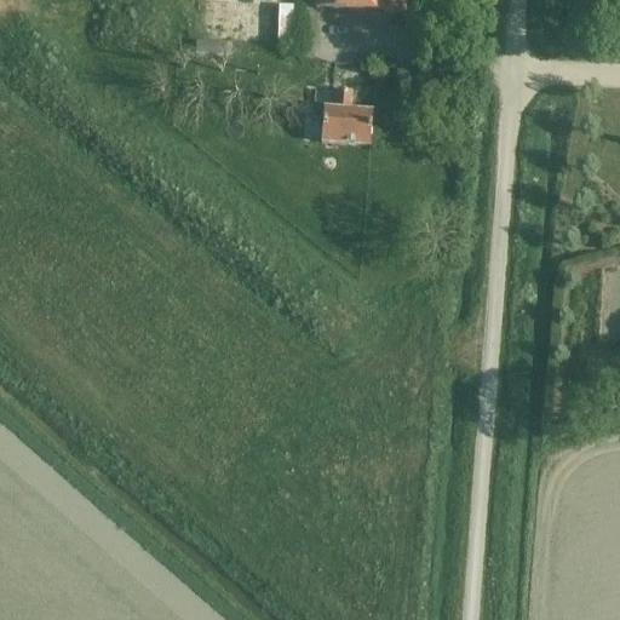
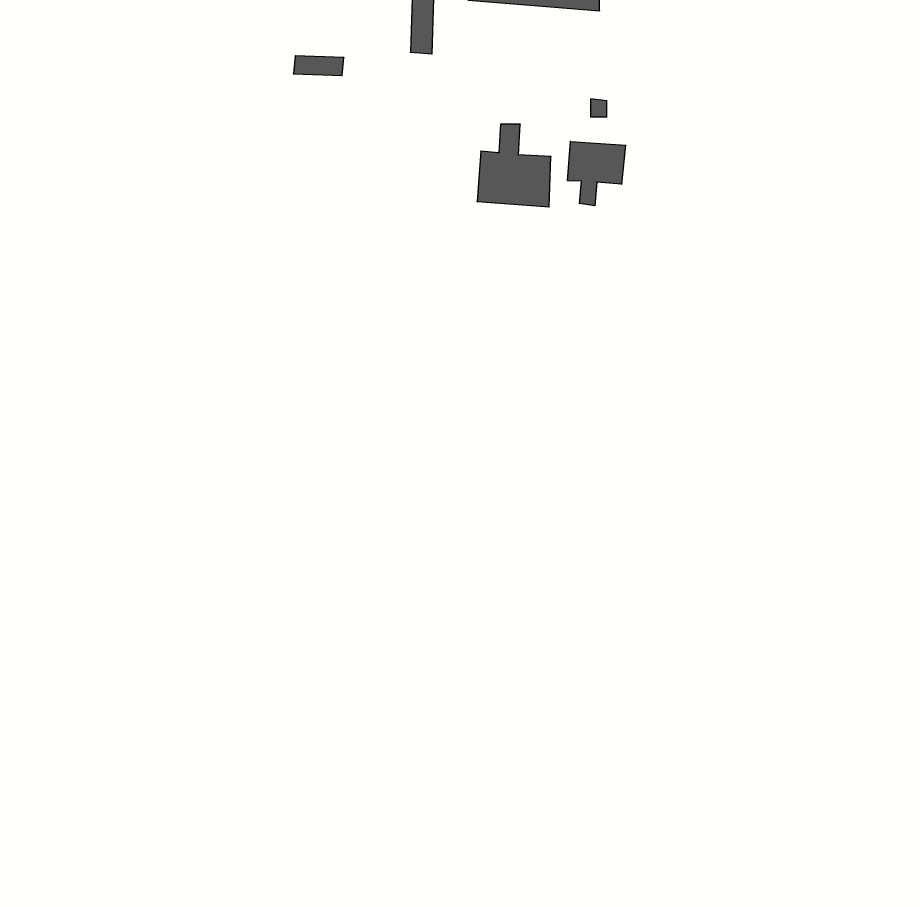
building: none -> [568,141,626,206]

